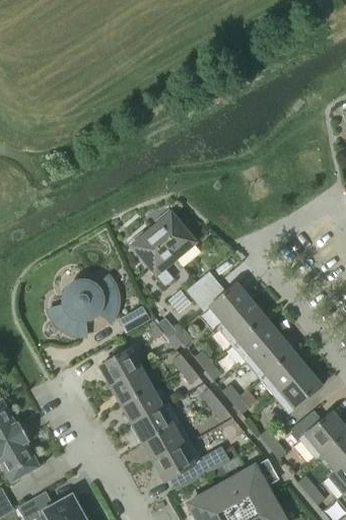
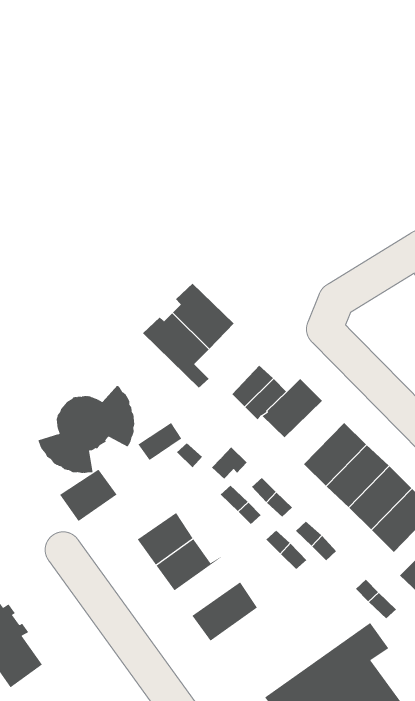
building: [219,302,264,344] -> none
building: [100,349,141,385] -> [59,469,118,522]
building: [134,403,181,442] -> none
building: [155,441,229,485] -> none

